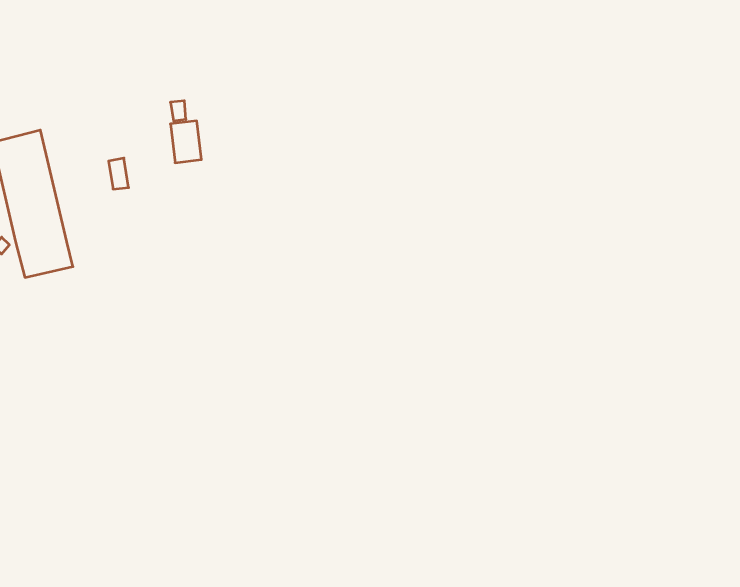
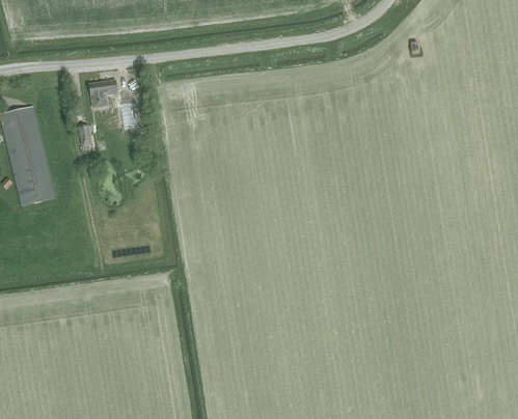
building: none -> [89,80,117,108]

